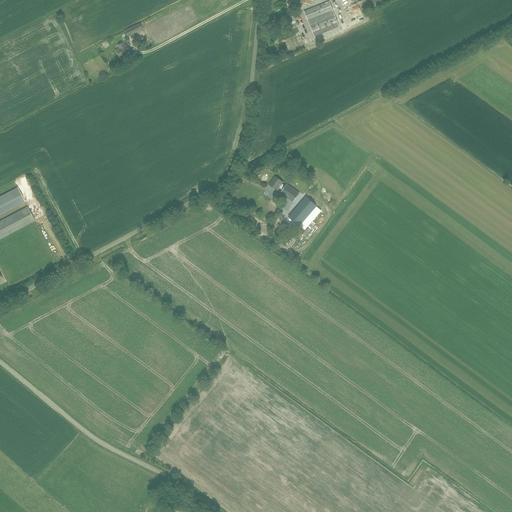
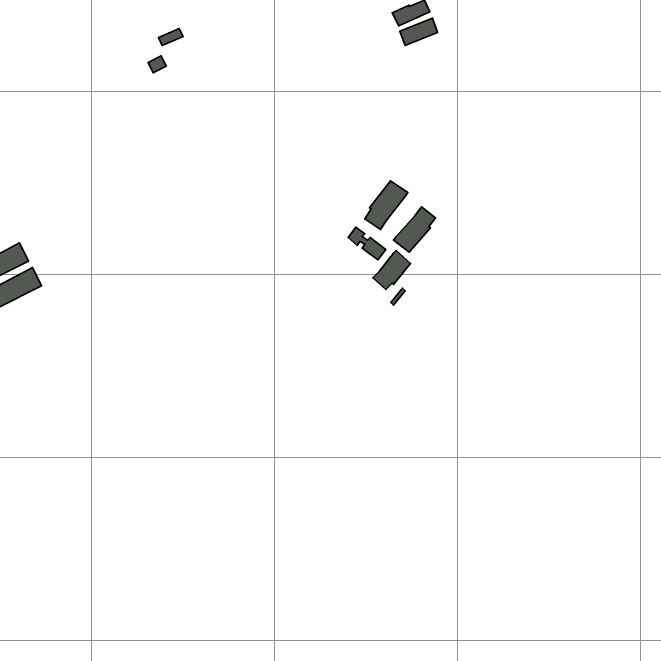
building: none -> [365,181,408,230]
building: none -> [394,207,435,252]

